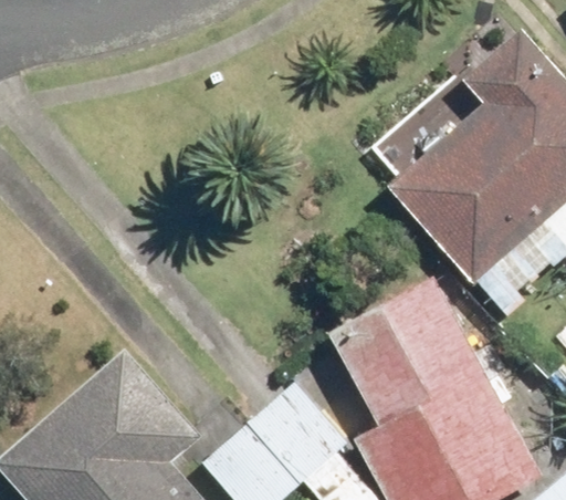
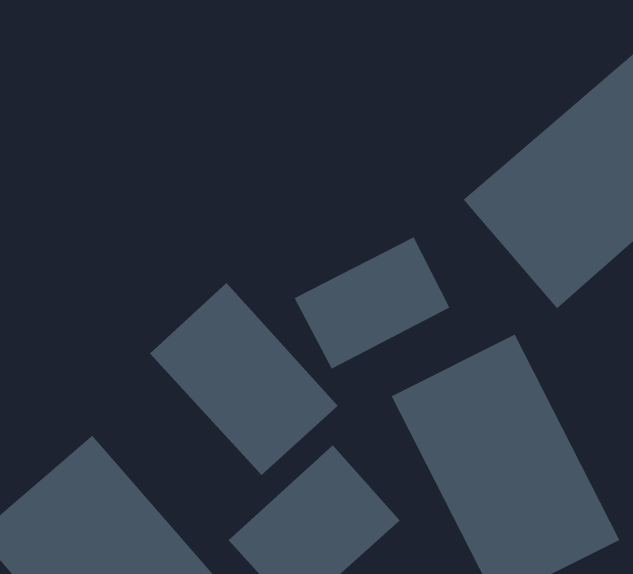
building: none -> [294,237,450,369]
building: none -> [149,282,338,476]

